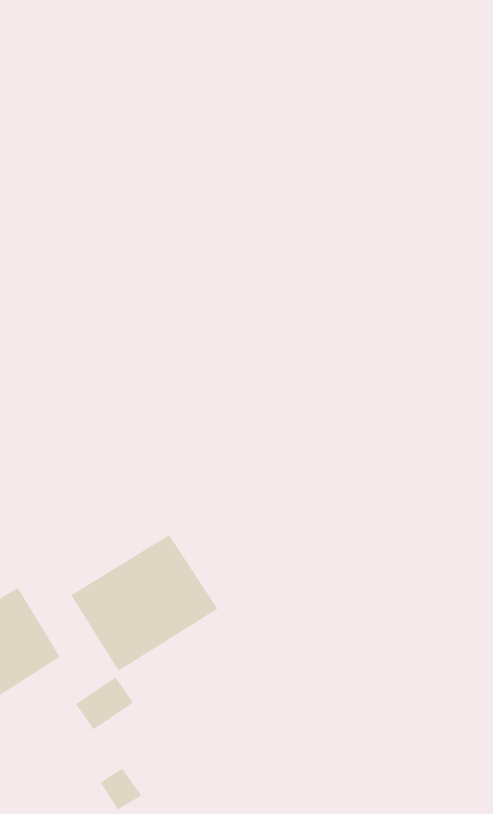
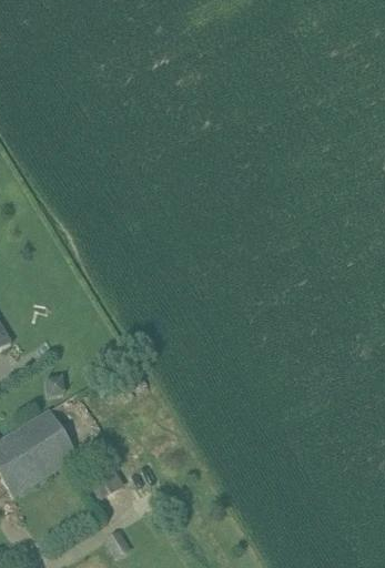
building: [71,534,218,672] -> none

